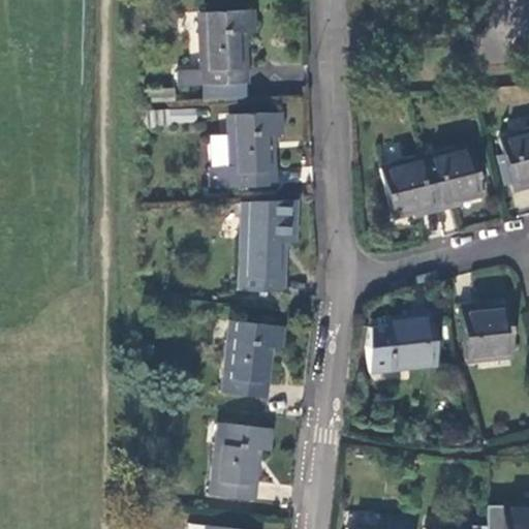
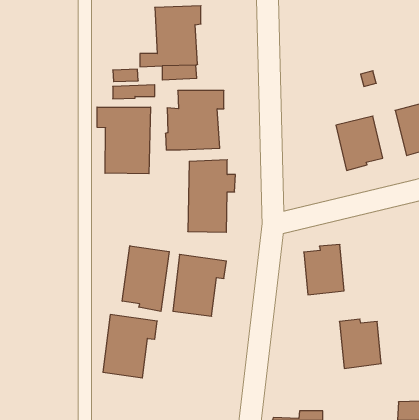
building: none -> [97,107,150,174]
building: [380,157,437,220] -> none
building: [461,300,514,362] -> [339,319,381,368]
building: none -> [122,246,169,311]
building: [207,423,275,502] -> [103,315,157,378]

